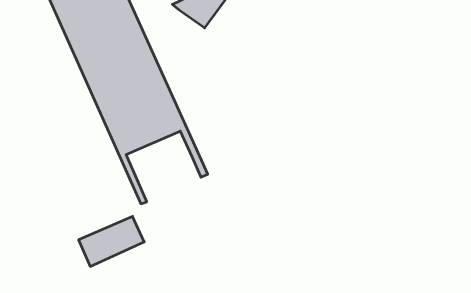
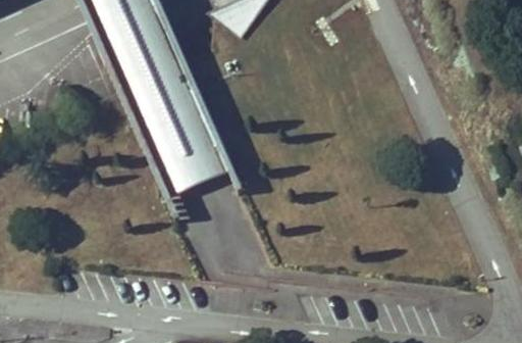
building: [79,216,144,266] -> [160,138,228,190]

